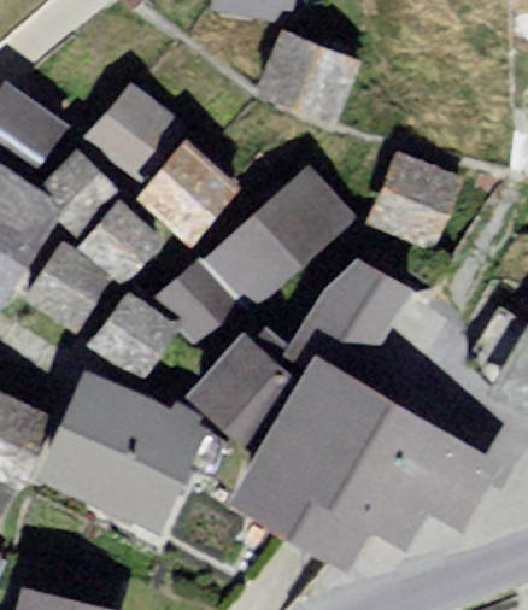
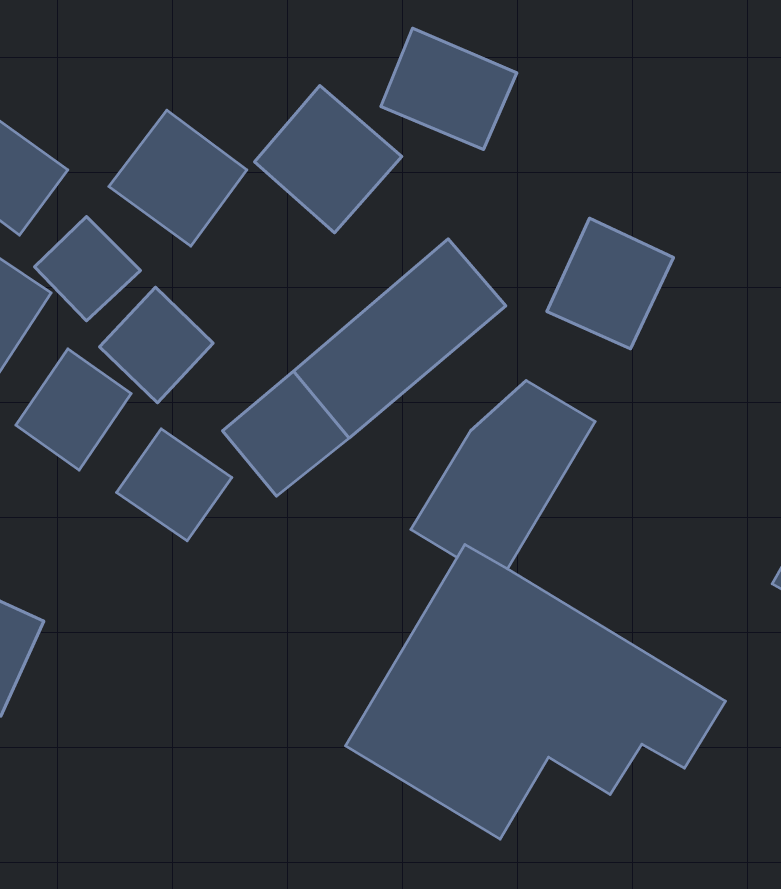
building: [137,142,233,237] -> [255,86,402,233]
building: [192,333,292,434] -> none
building: [41,376,201,526] -> none

